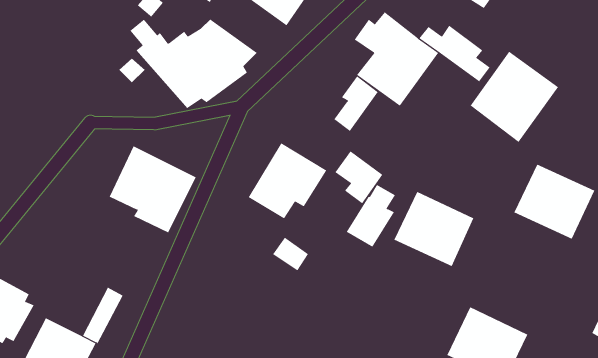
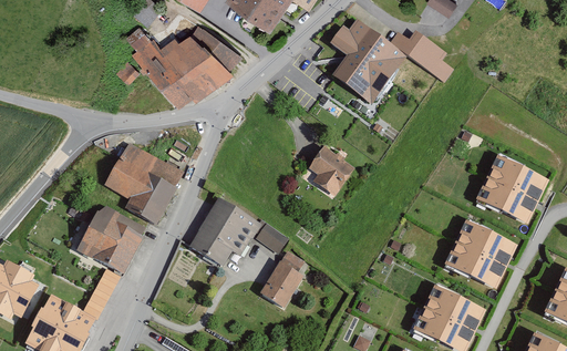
building: [470,51,559,143] -> none
building: [333,75,379,132] -> none
building: [248,142,327,219] -> [188,197,260,267]
building: [346,184,396,248] -> [259,250,305,308]
building: [394,191,474,267] -> [444,223,517,291]
building: none -> [76,206,147,273]

